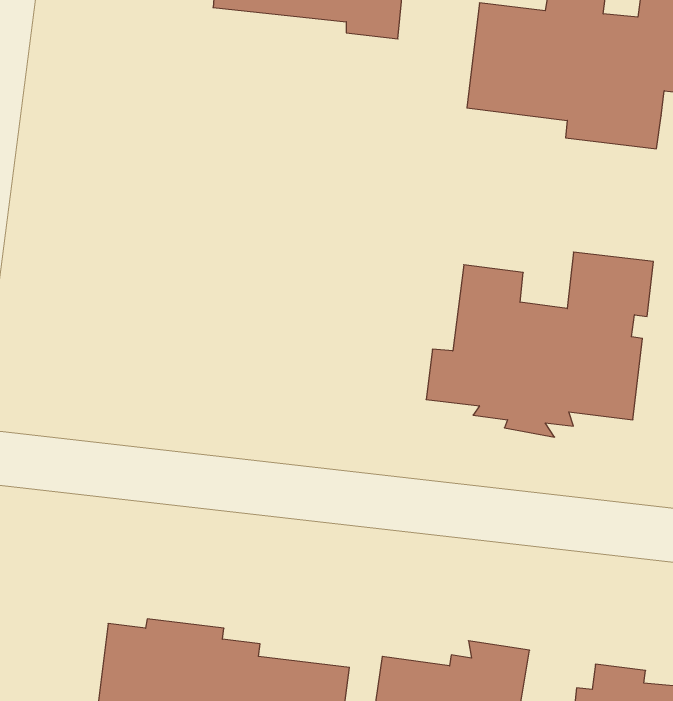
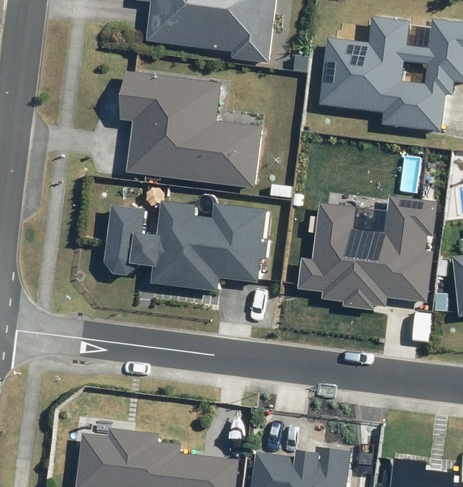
building: none -> [121,70,261,188]
building: none -> [107,204,269,287]

